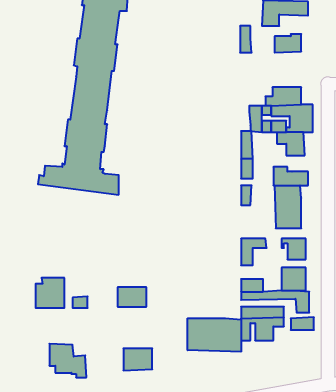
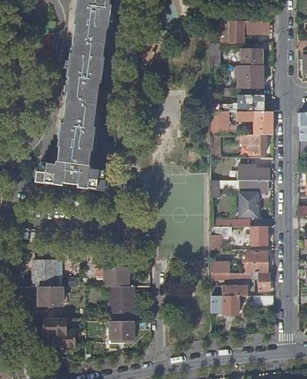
building: none -> [230,64,263,88]
building: none -> [104,285,134,312]
building: none -> [39,286,63,305]
building: [188,318,241,352] -> none

